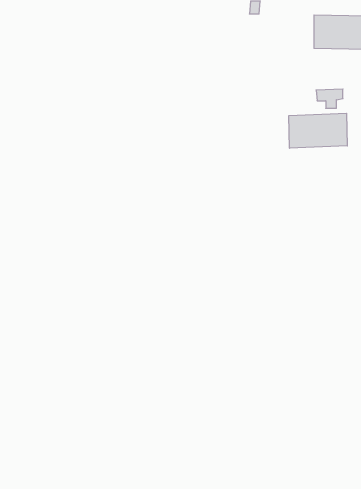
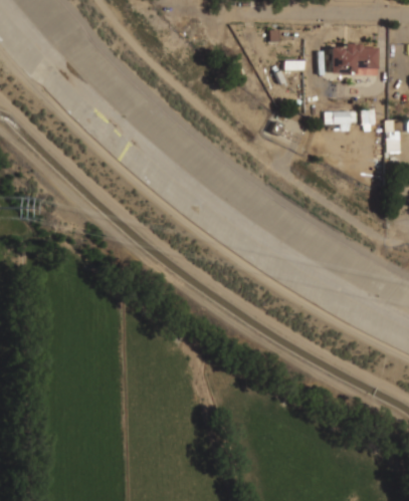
building: [289,113,347,148] -> none

